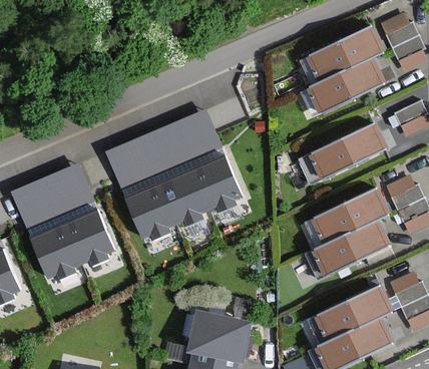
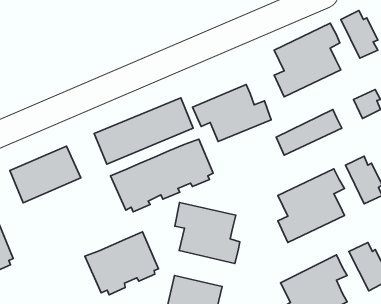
building: none -> [193,85,271,141]
building: [31,210,113,280] -> [85,232,159,295]
building: none -> [175,203,240,263]

